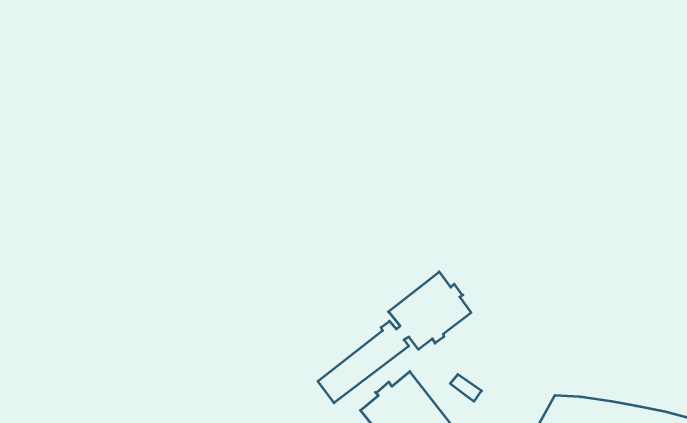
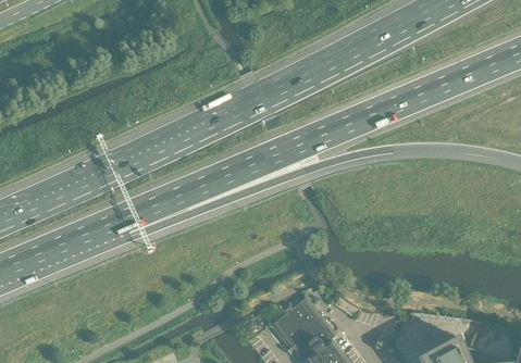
building: [318,272,471,403] -> none

